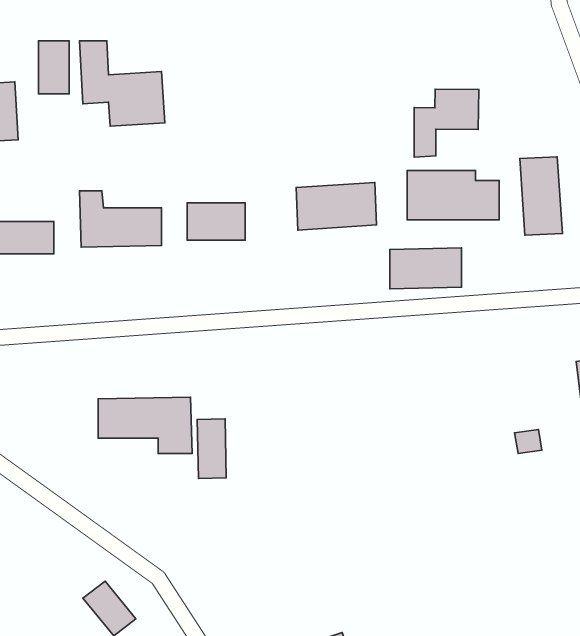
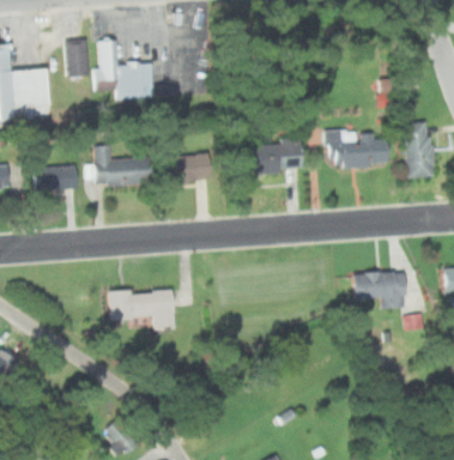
building: [414,89,479,157] -> none
building: [390,248,462,289] -> [355,271,405,299]
building: [197,419,226,478] -> none

